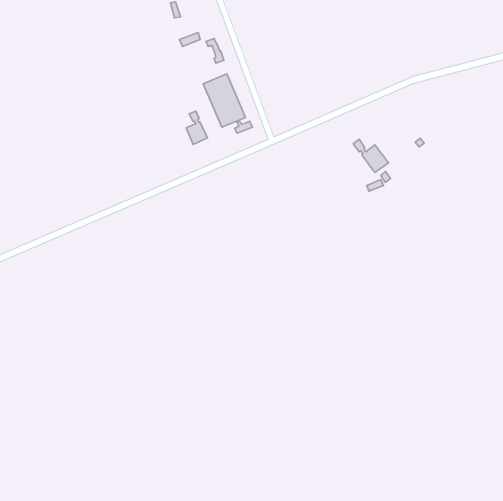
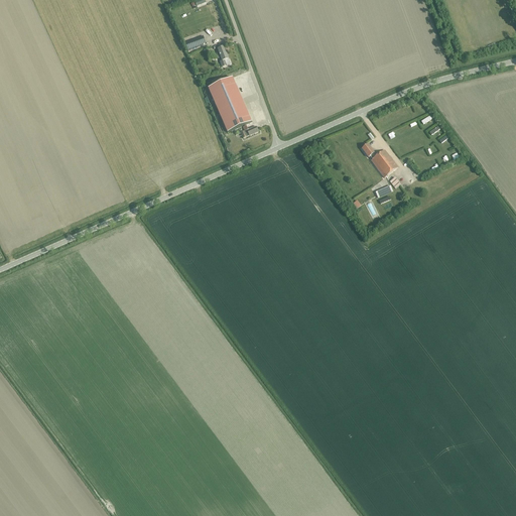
building: [186,111,207,145] -> none

